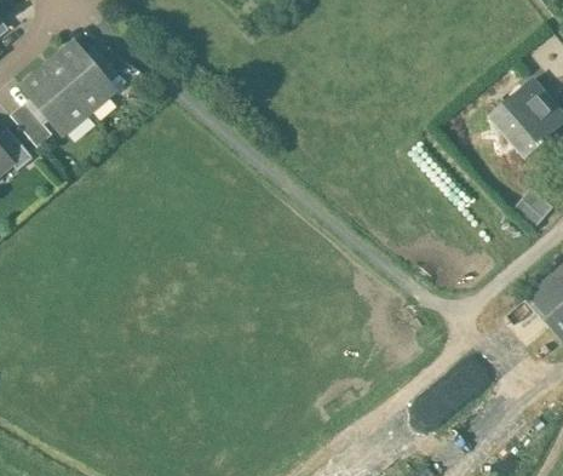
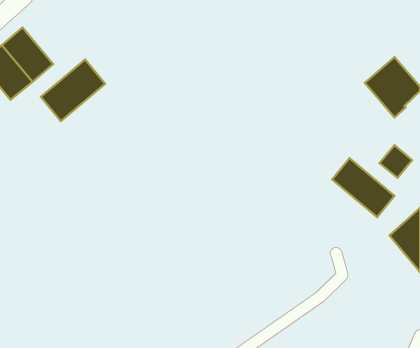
building: none -> [41,60,105,121]
building: none -> [332,158,394,217]

